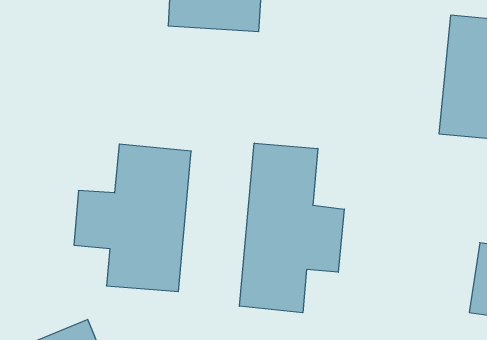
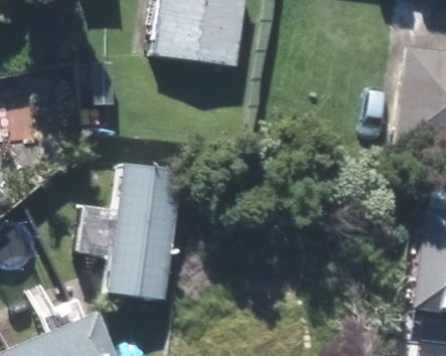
building: [239,143,344,313] -> none

